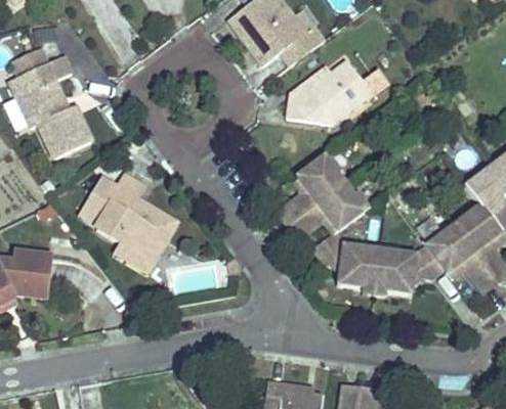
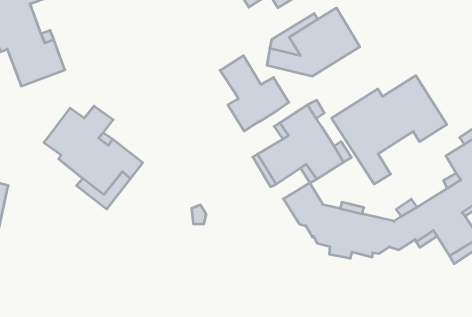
building: none -> [220,56,289,131]
building: none -> [332,76,447,184]

